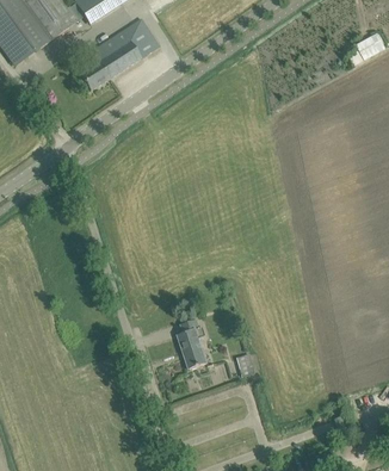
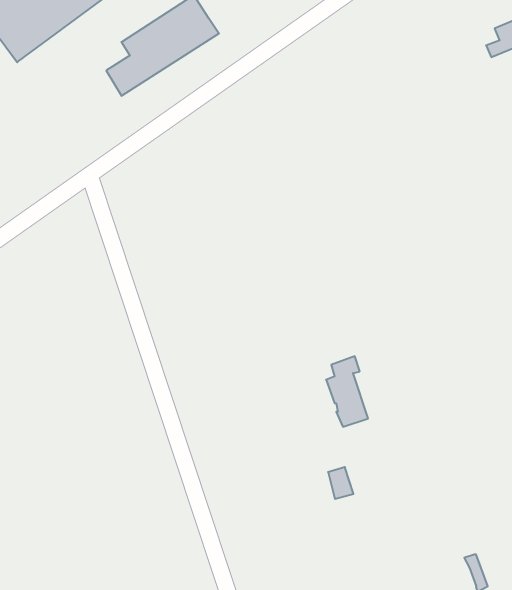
building: [177,317,206,367] -> [326,356,368,427]

